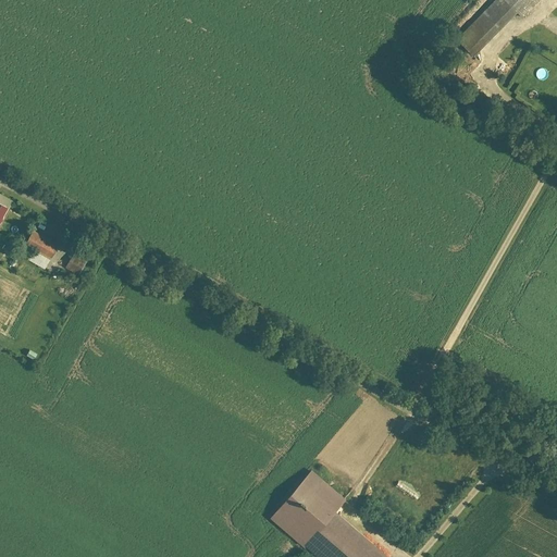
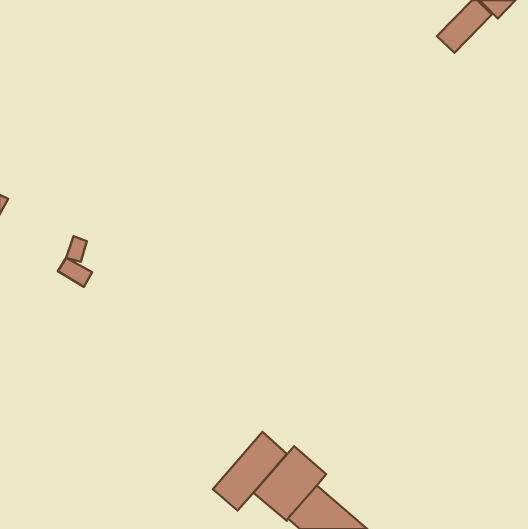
building: [24,231,60,261] -> [58,258,92,287]
building: none -> [213,432,287,510]

